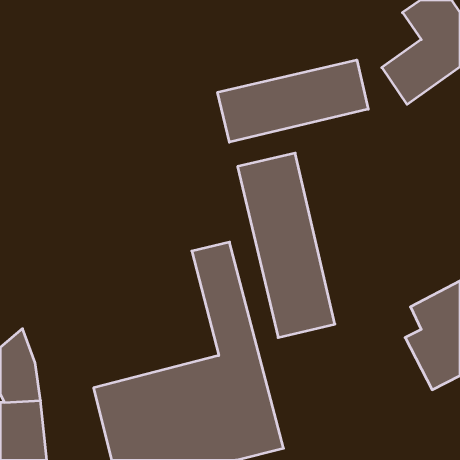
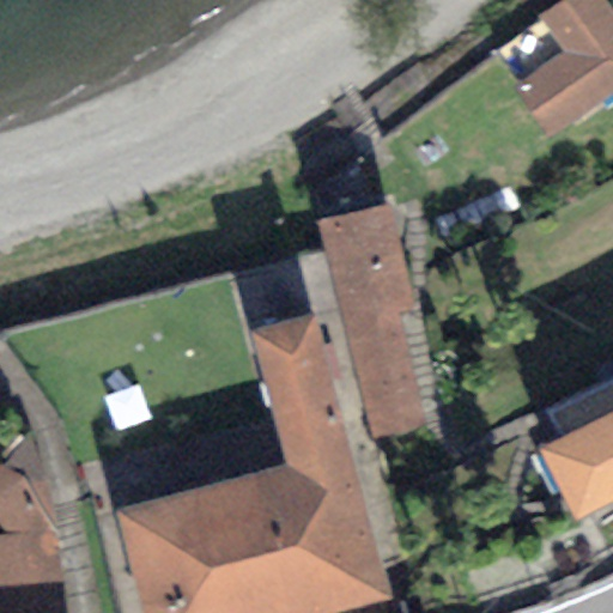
building: [218,60,368,142] -> none

